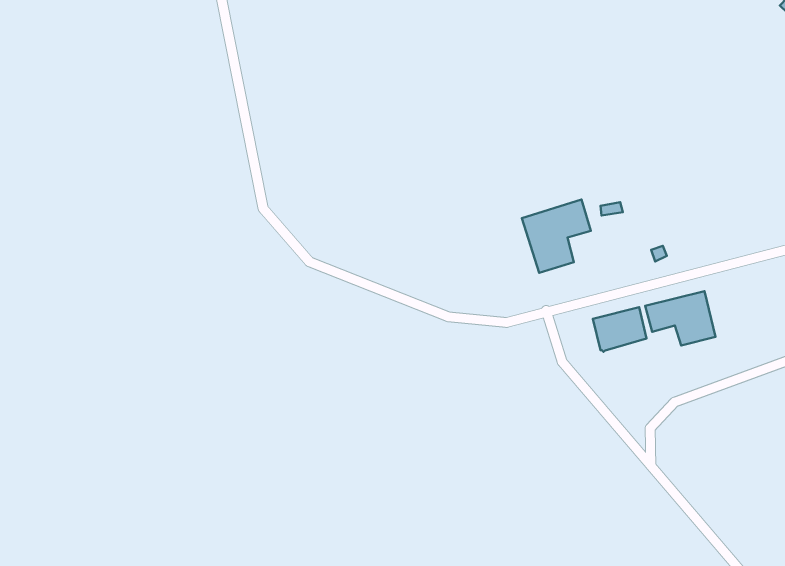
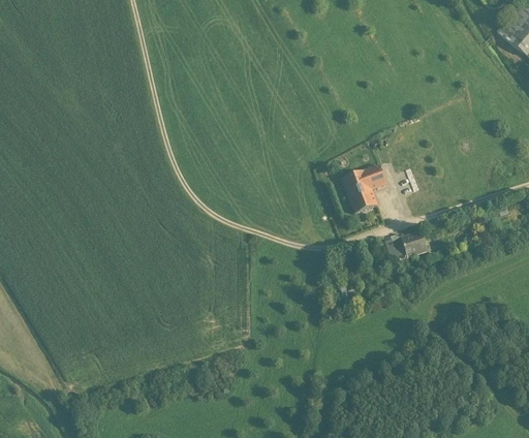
building: [645,291,716,346] -> none

